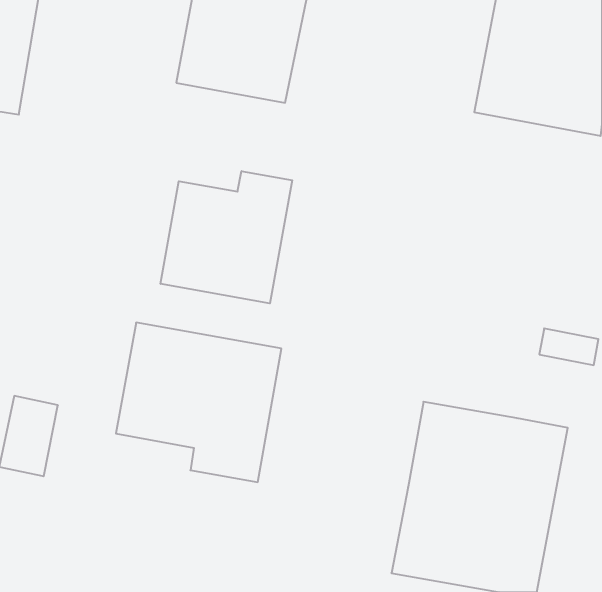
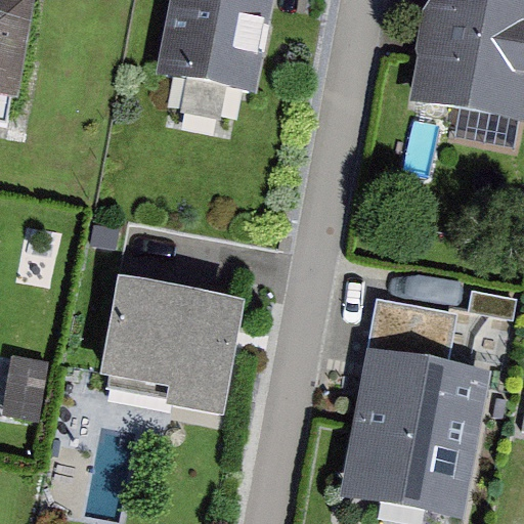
building: [161,171,292,303] -> none
building: none -> [366,295,456,362]

